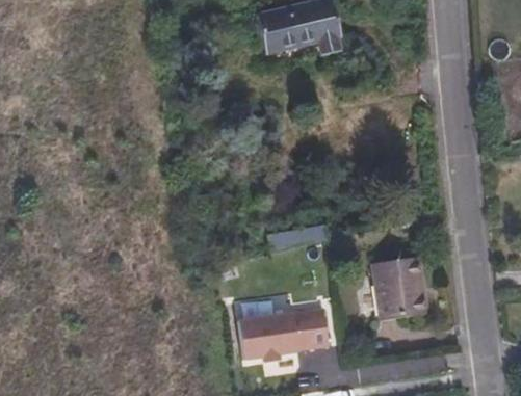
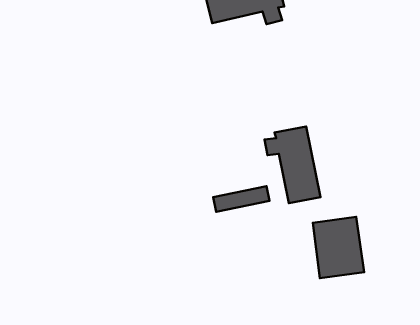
building: none -> [264,127,320,203]
building: [238,308,329,359] -> none

